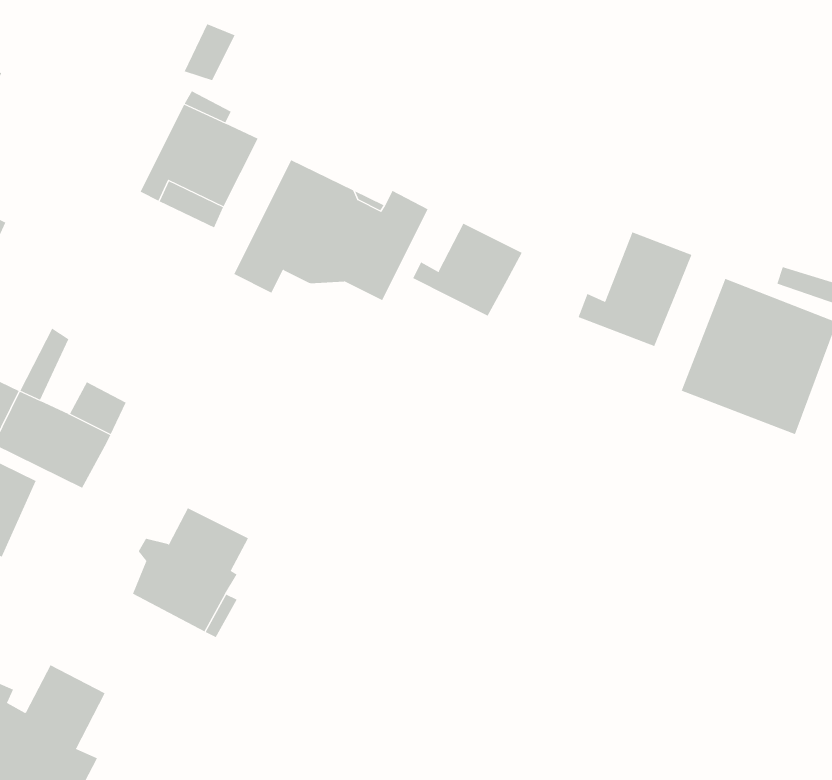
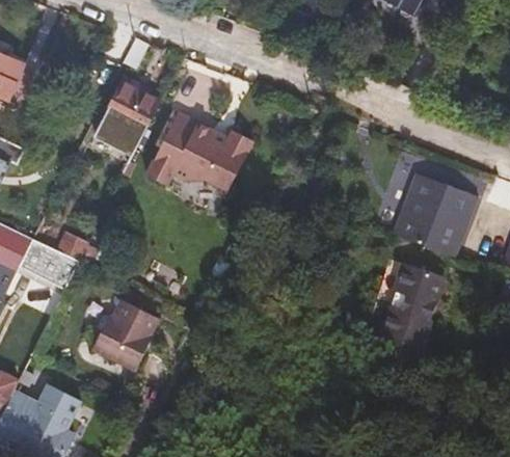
building: [412,223,522,316] -> none
building: [578,231,692,347] -> none
building: none -> [372,266,440,362]

